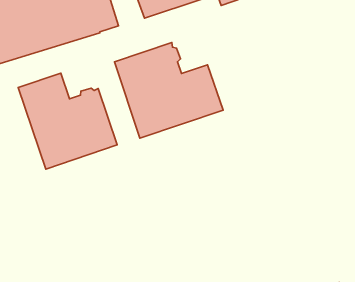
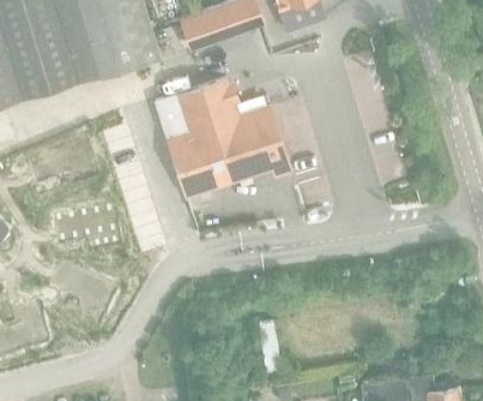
building: [18,73,117,169] -> none

